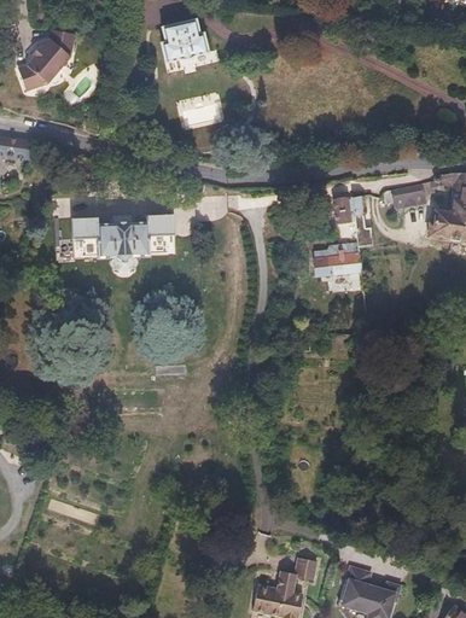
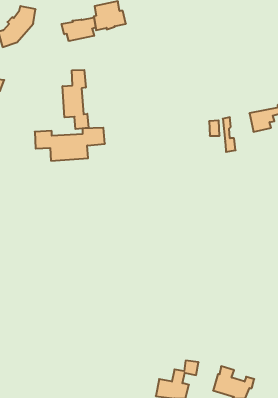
building: none -> [62,17,95,41]
building: none -> [63,70,88,129]
building: [325,244,360,274] -> none

